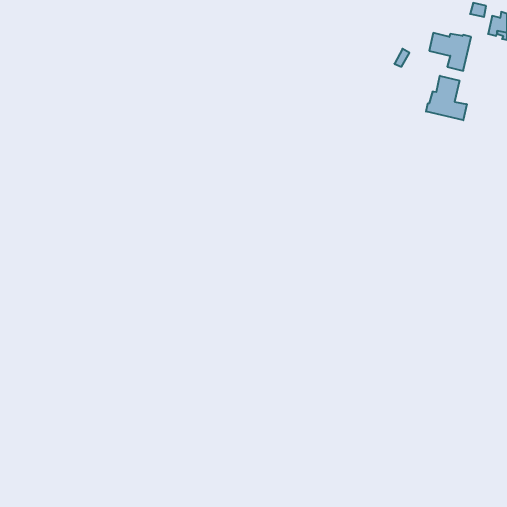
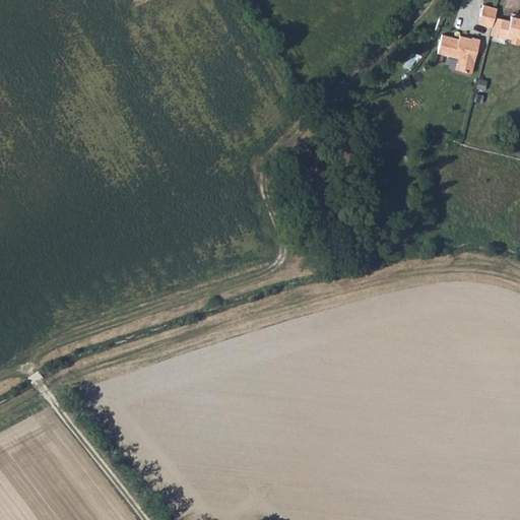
building: [426,76,467,120] -> none

